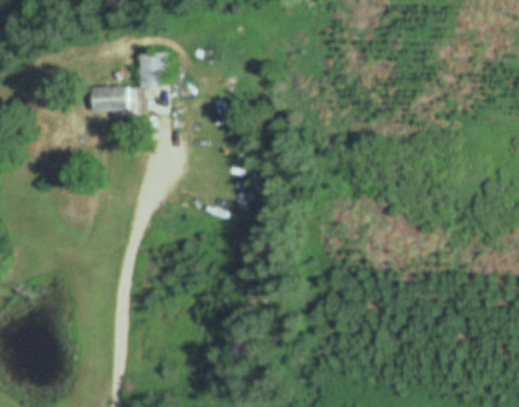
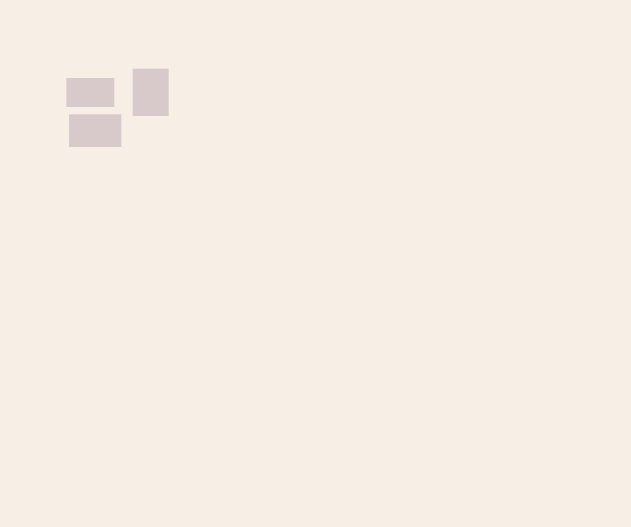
building: none -> [65,77,115,108]

